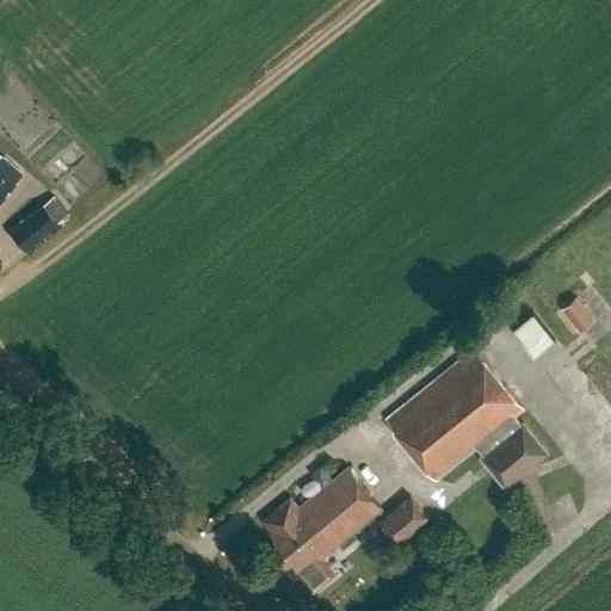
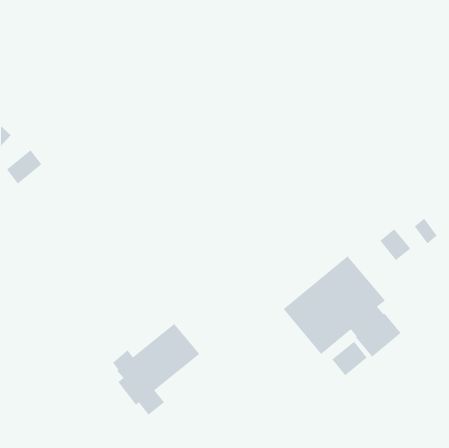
building: [264,467,383,592] -> [112,323,200,415]
building: [378,499,427,547] -> [332,341,368,376]

